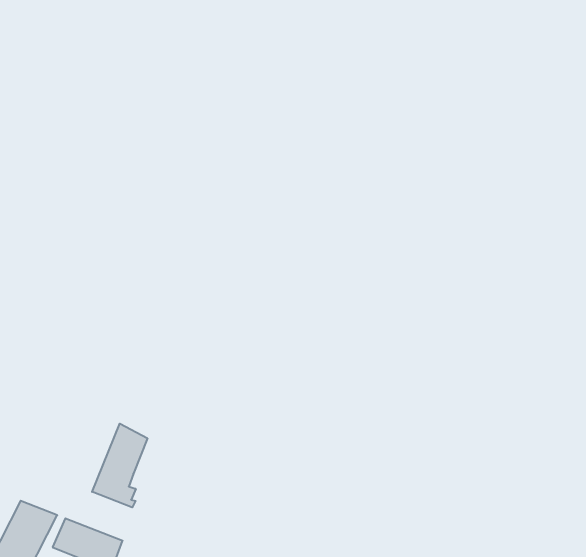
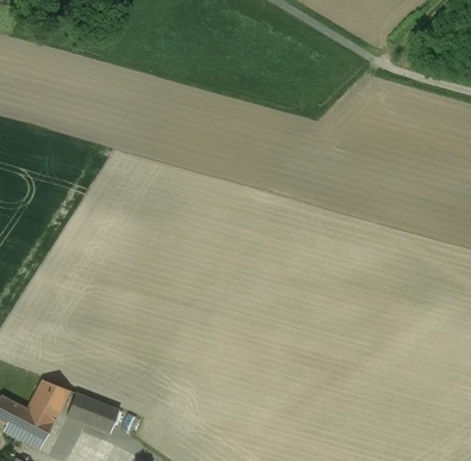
building: [92,424,147,507] -> none

